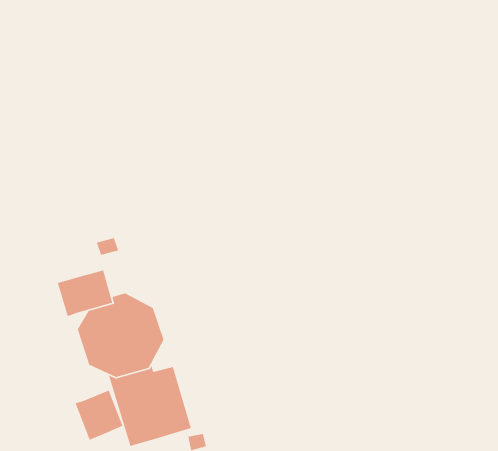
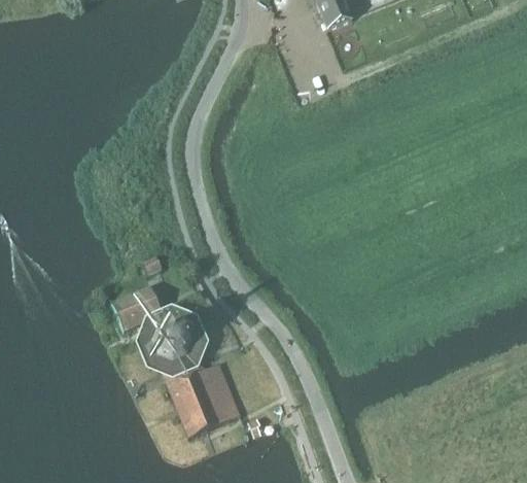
building: [75,390,124,441] -> none

